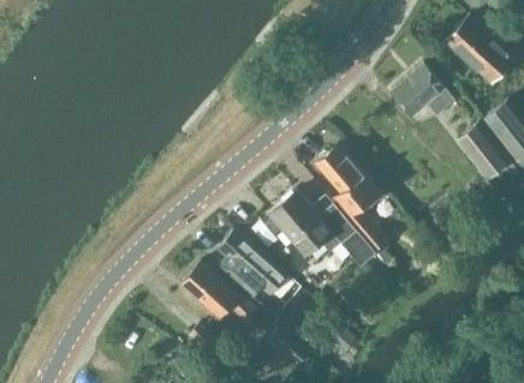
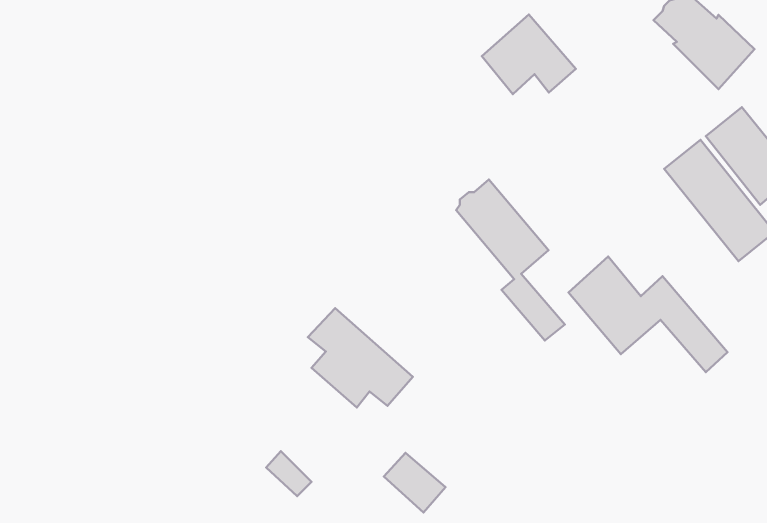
building: [392,66,454,119] -> [482,15,576,94]
building: [270,192,376,269] -> [568,256,728,372]
building: [181,264,255,324] -> none

